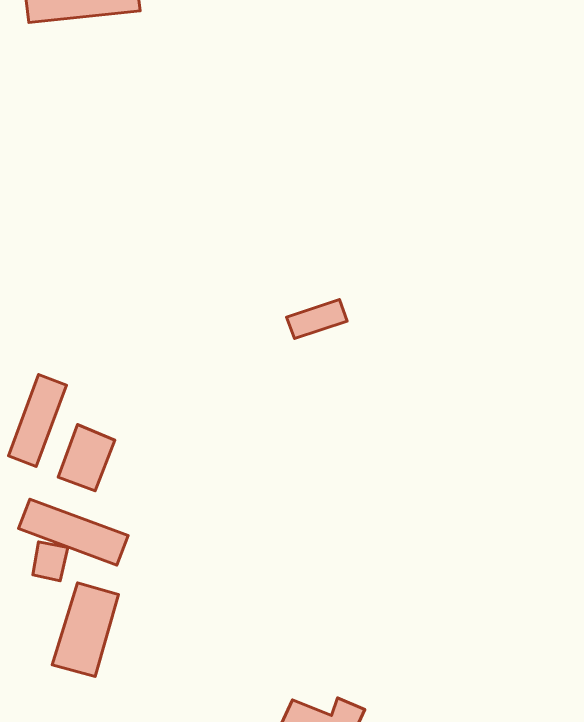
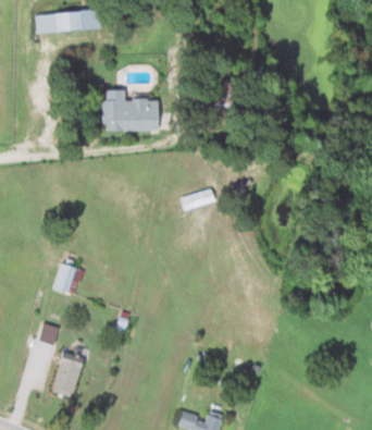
building: none -> [101,89,158,131]
building: [8,375,66,467] -> none
building: [19,499,128,565] -> none

